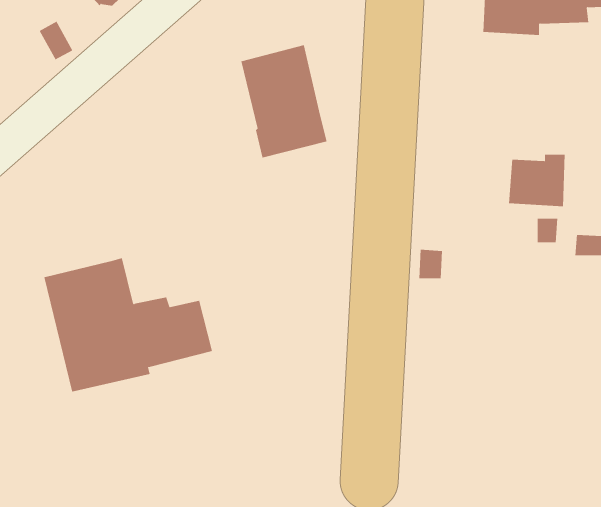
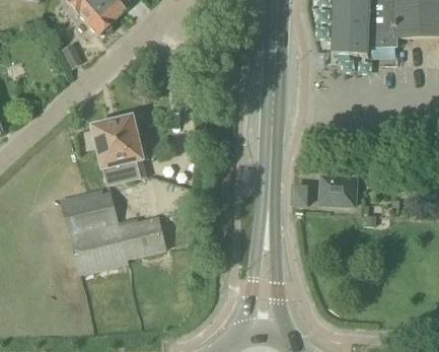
building: [240,45,328,158] -> [93,116,147,186]
building: [508,154,566,207] -> [320,172,356,205]

